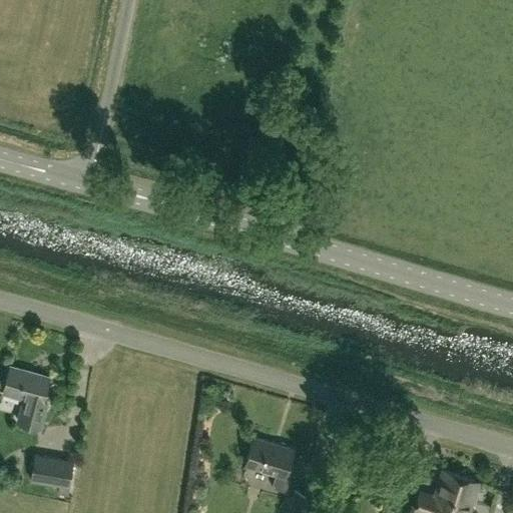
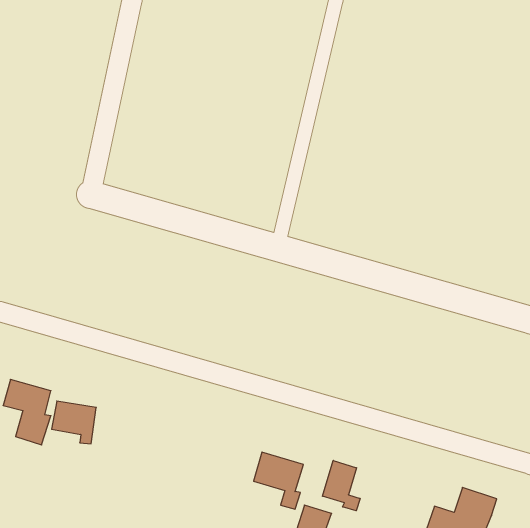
building: none -> [322,460,360,511]
building: [31,456,74,497] -> [52,401,96,444]

